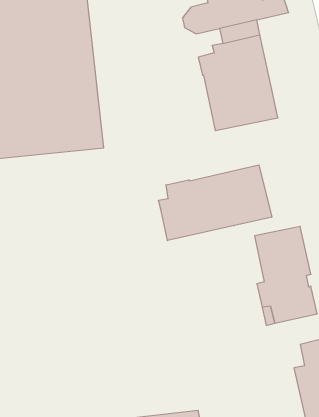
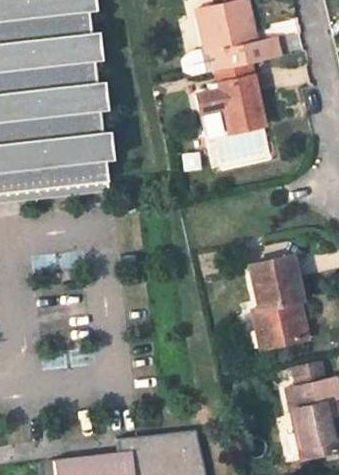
building: [159,165,272,241] -> none

